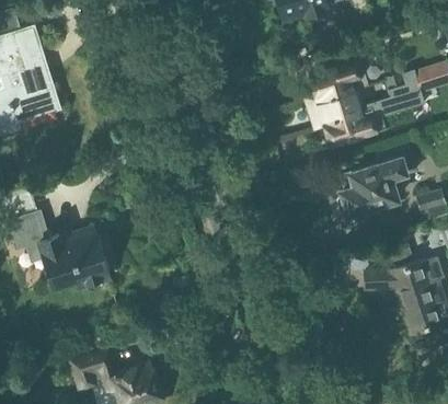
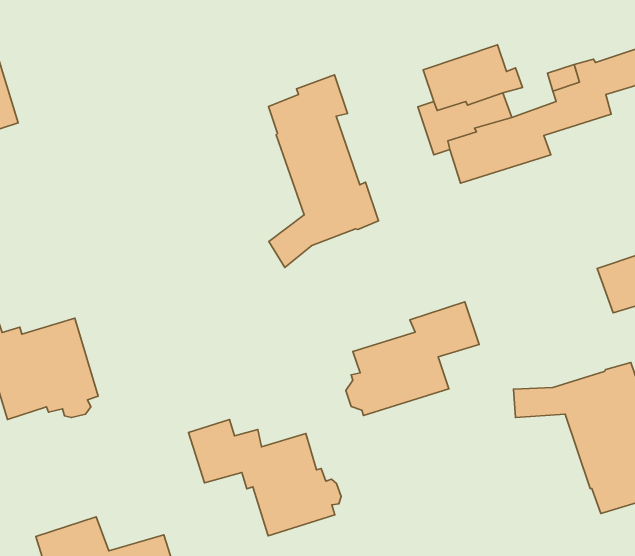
building: none -> [269,75,379,267]
building: [336,147,418,217] -> [346,302,479,416]
building: none -> [188,420,341,536]

